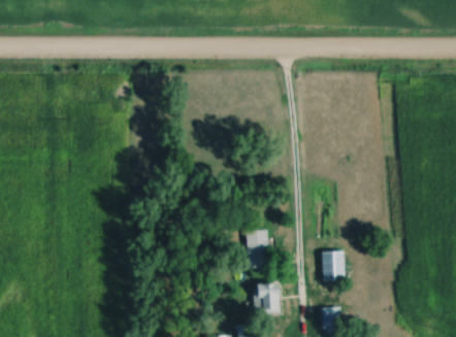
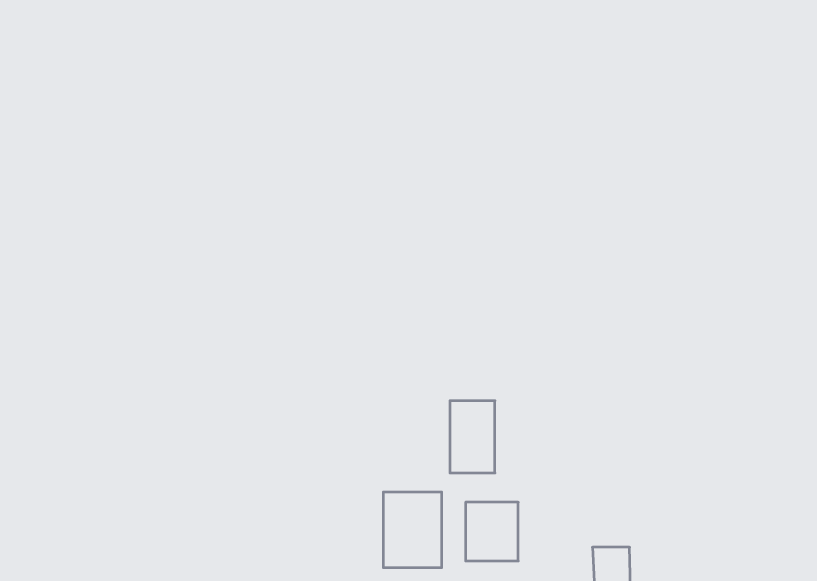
building: [322,250,345,280] -> none
building: none -> [383,492,442,568]

